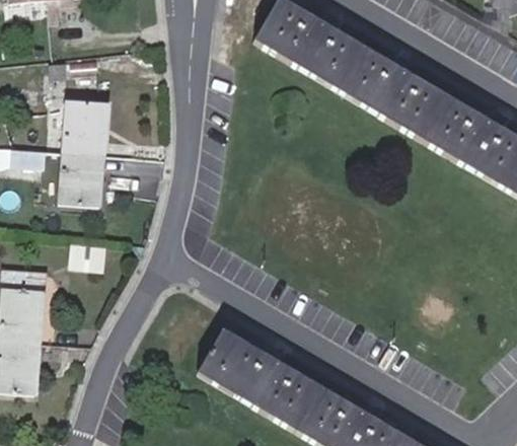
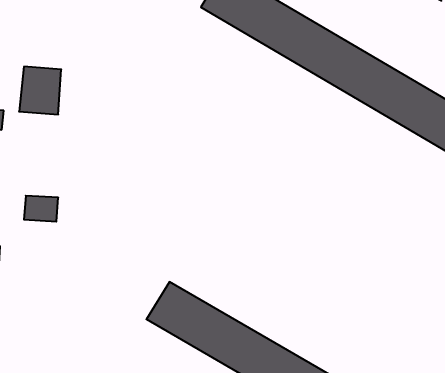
building: [59,149,104,204] -> none

